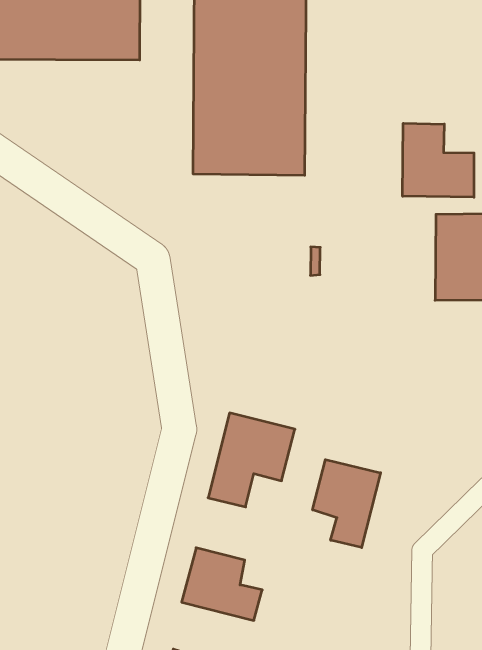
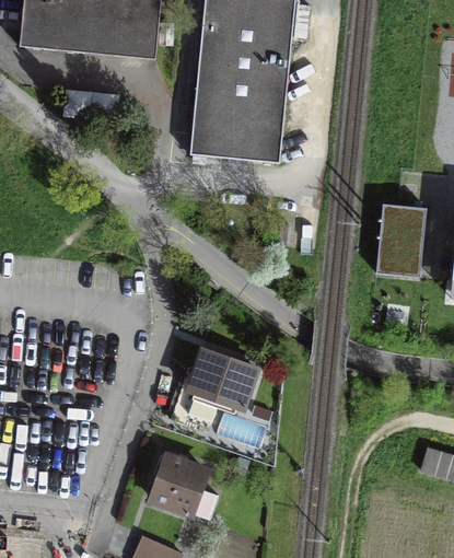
building: [403,123,474,197] -> none
building: [313,460,381,548] -> none

